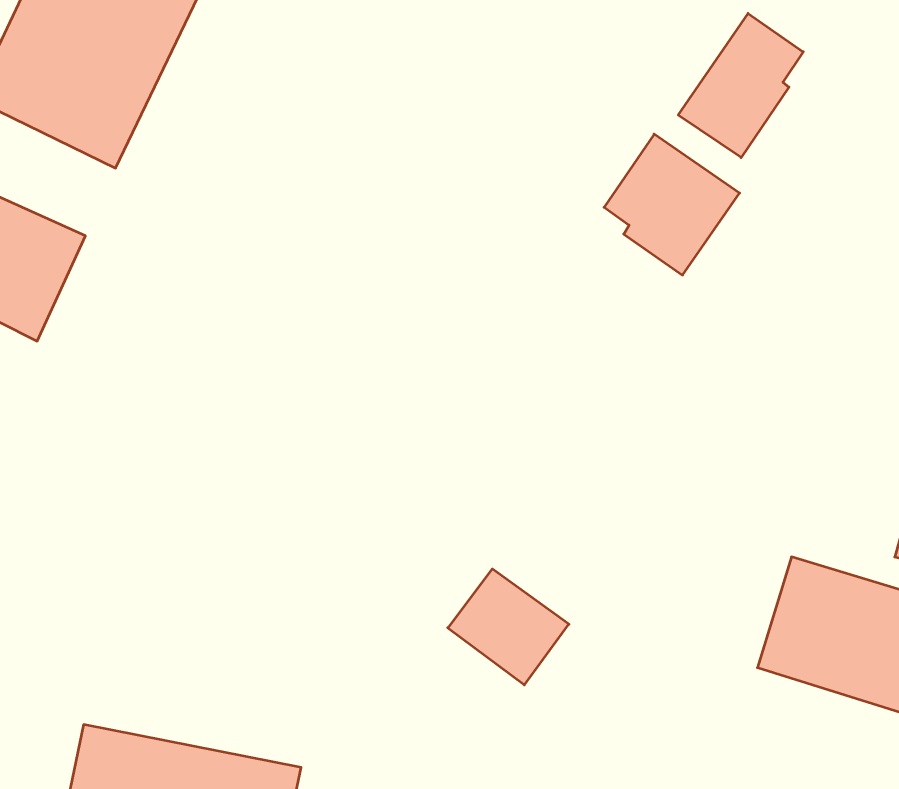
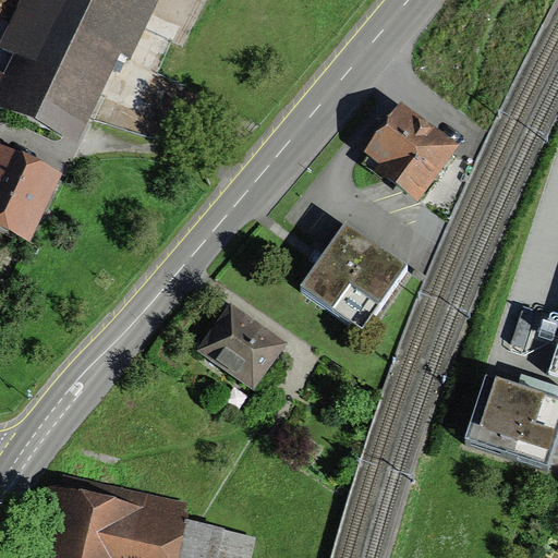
building: [678,13,803,158] -> none
building: none -> [301,230,404,335]
building: [448,569,569,685] -> [207,313,281,384]

